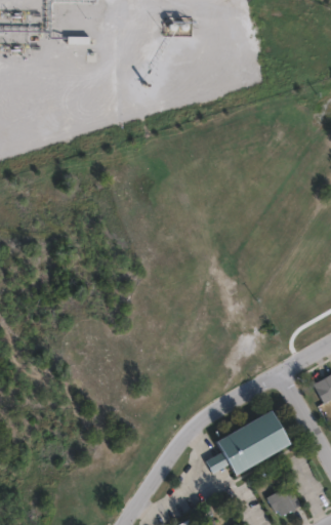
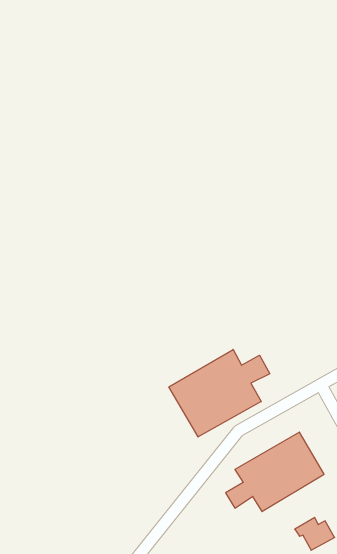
building: none -> [169,349,270,437]

